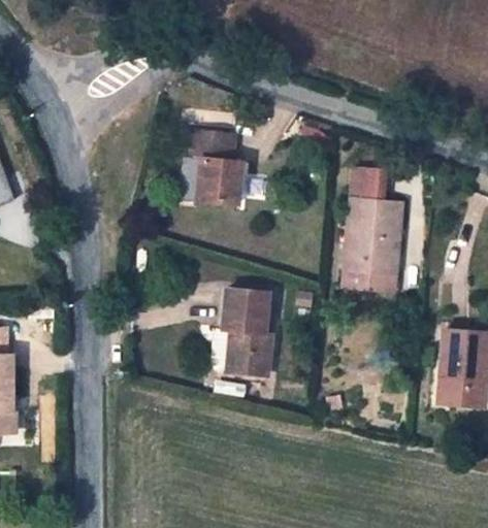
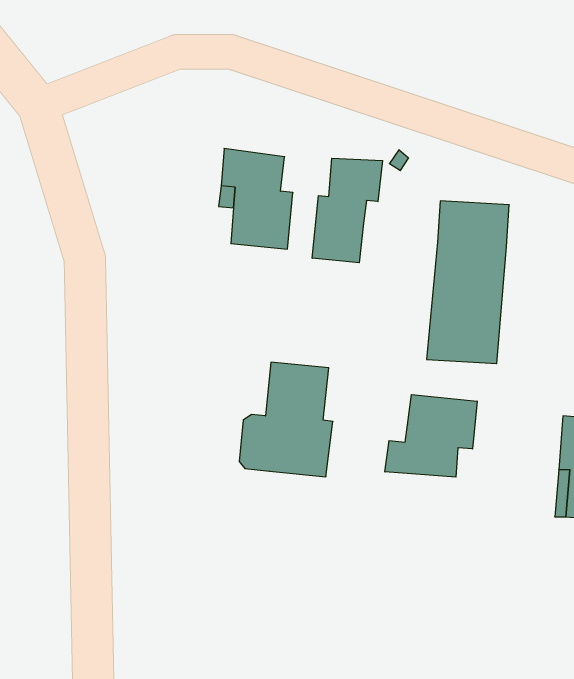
building: none -> [312,158,383,263]
building: none -> [385,395,477,477]

